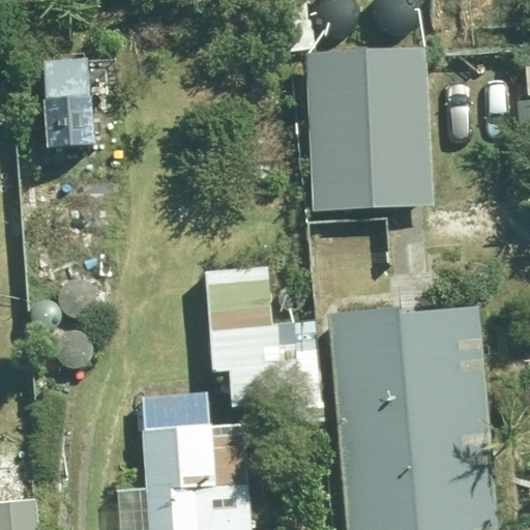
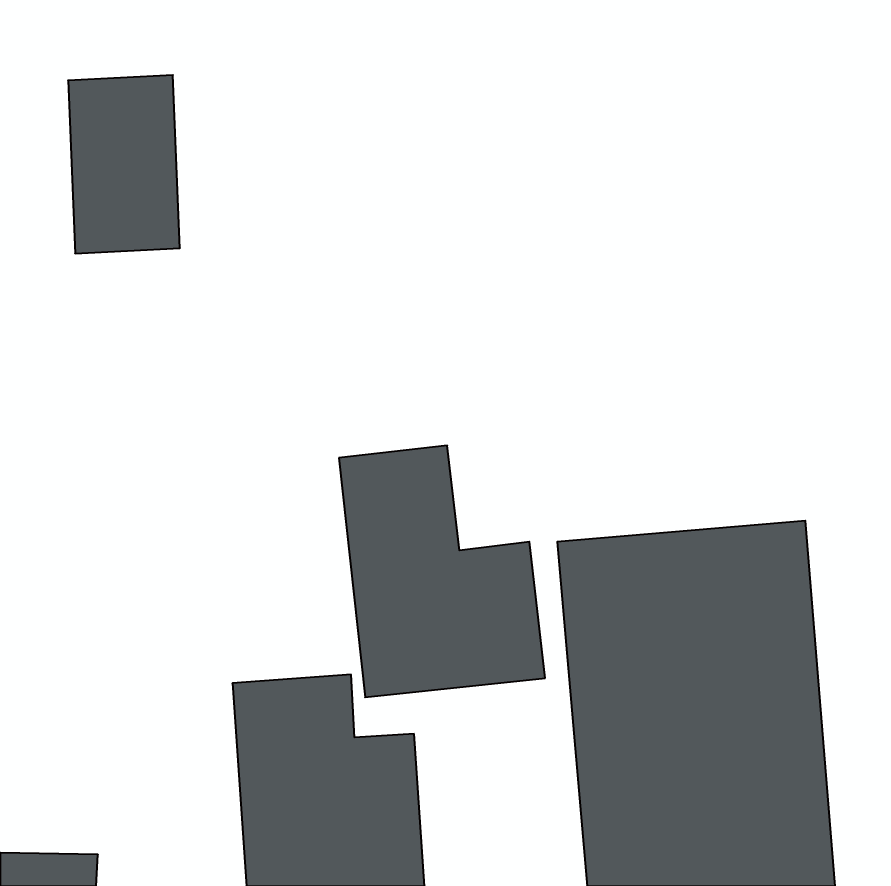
building: [305,52,428,210] -> none

